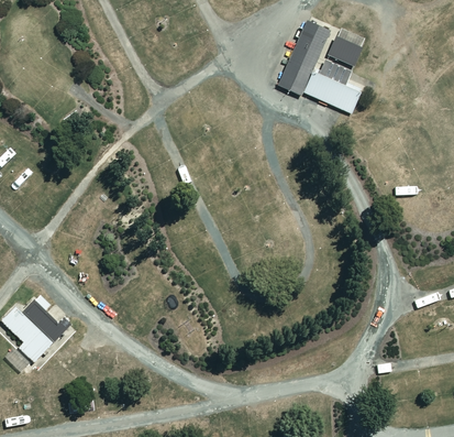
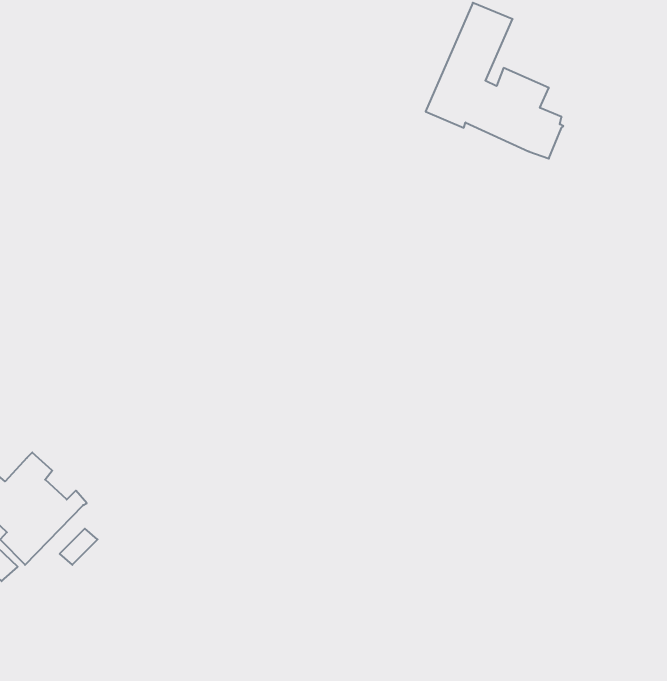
building: [325,28,364,68] -> none

